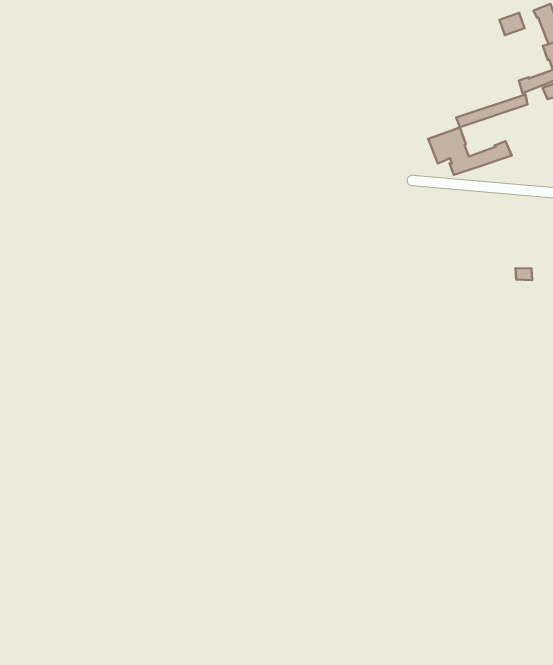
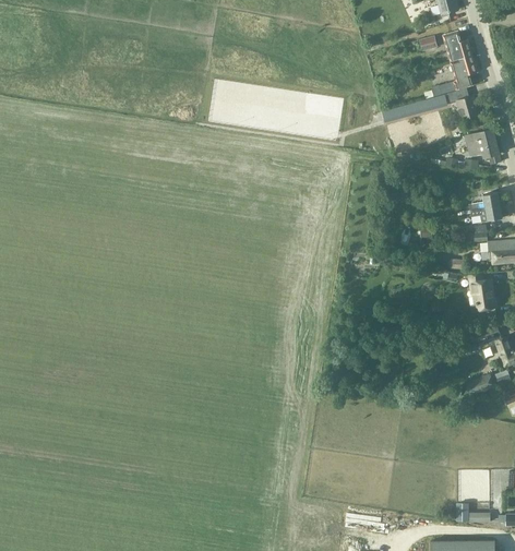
building: [428,127,512,175] -> none

